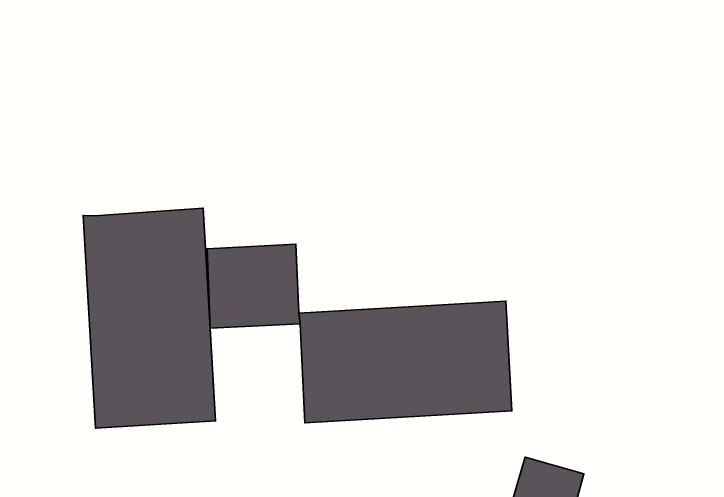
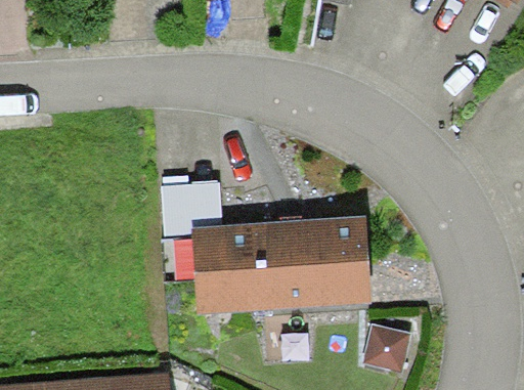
building: [83,208,216,428] -> none

